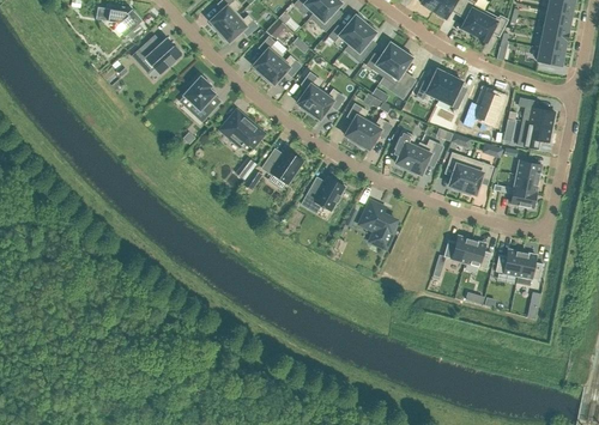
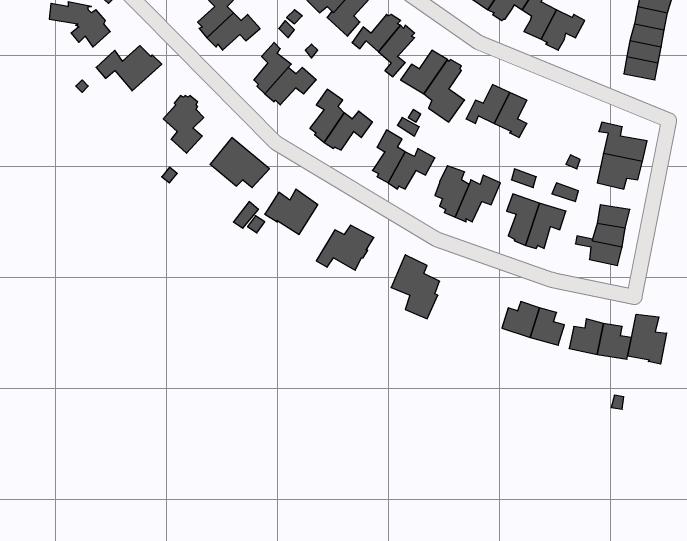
building: [461,91,501,127] -> none
building: none -> [628,314,667,364]

